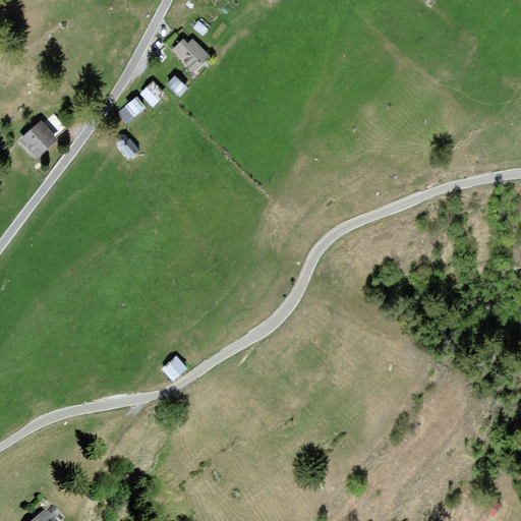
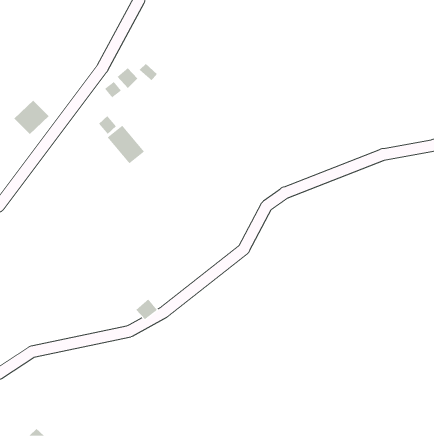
building: [172,38,210,72] -> none
building: none -> [107,125,145,164]

